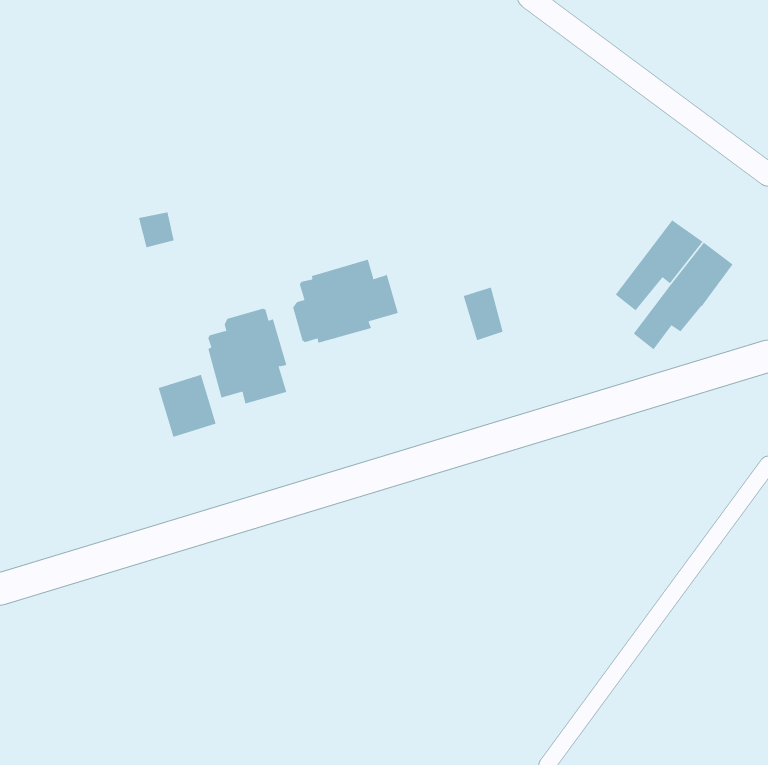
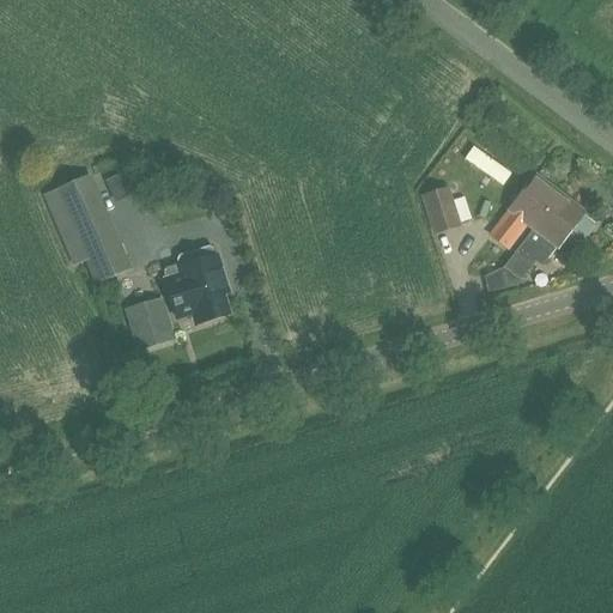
building: none -> [43,178,128,280]
building: [293,259,399,344] -> none
building: [463,287,503,341] -> [425,189,457,232]

